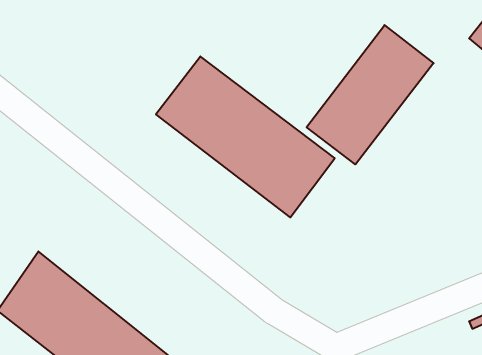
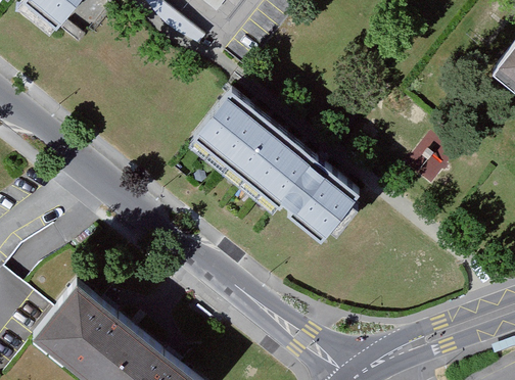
building: [307,25,434,164] -> none

